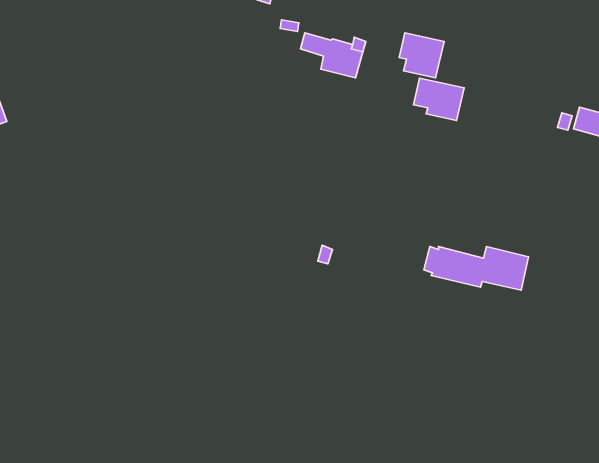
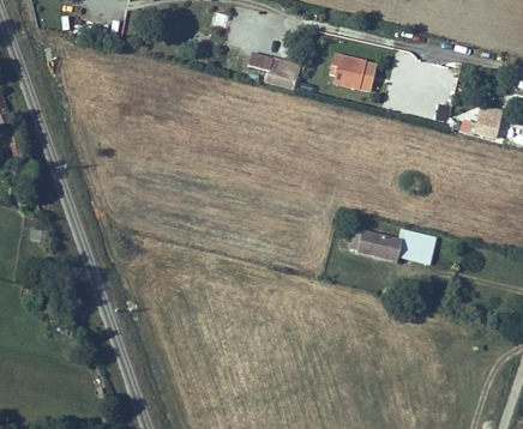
building: [413,78,464,120] -> none

